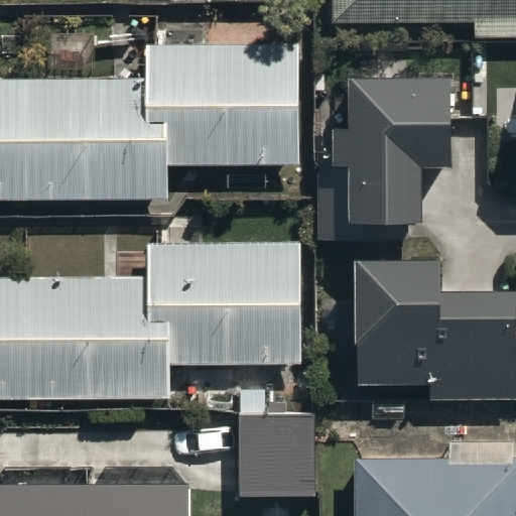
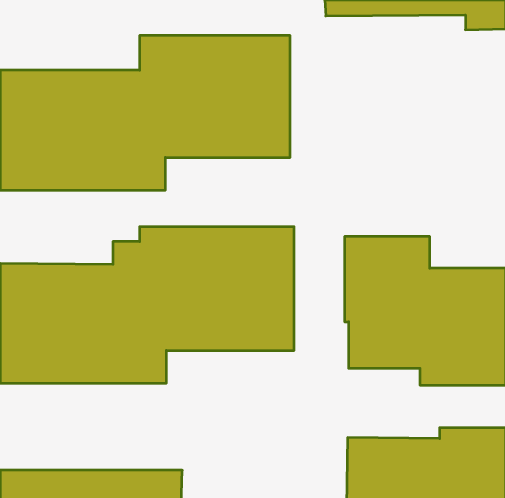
building: [318,67,449,239] -> none
building: [239,413,315,501] -> none

